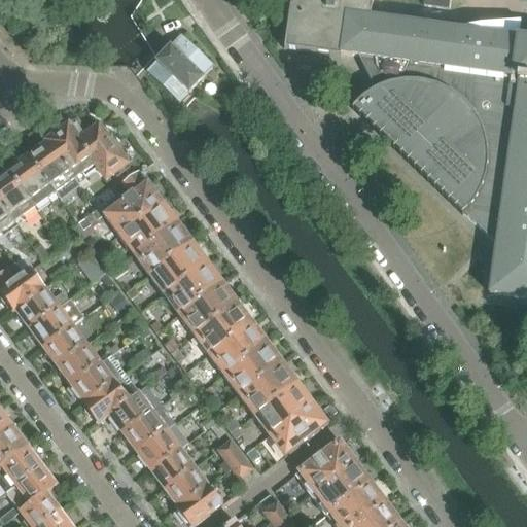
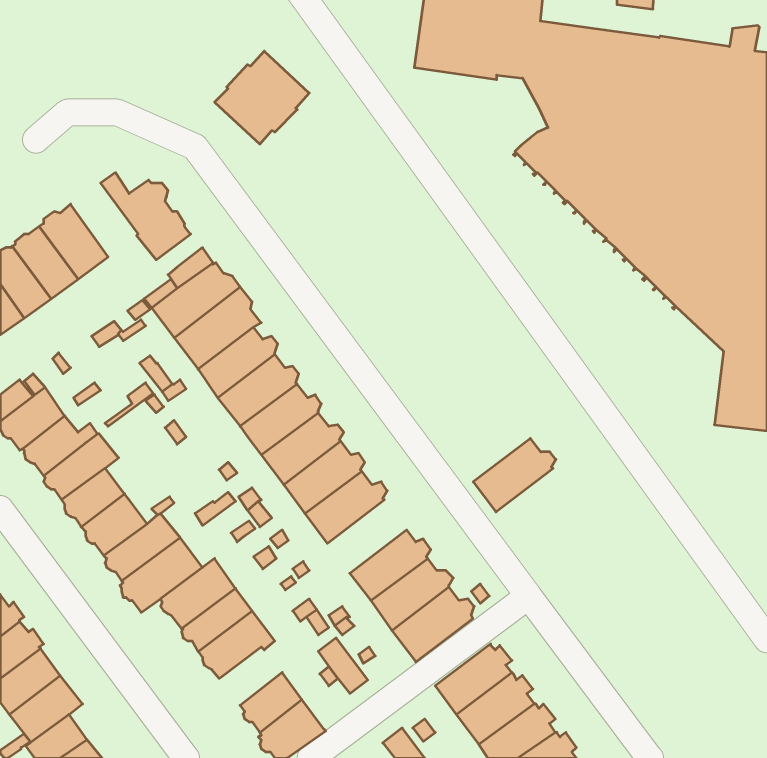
building: [47,122,95,176] -> none
building: [224,343,281,393] -> [473,438,556,512]
building: [150,444,194,484] -> none

